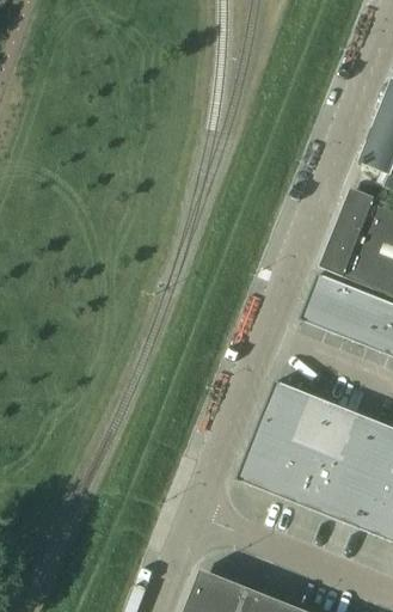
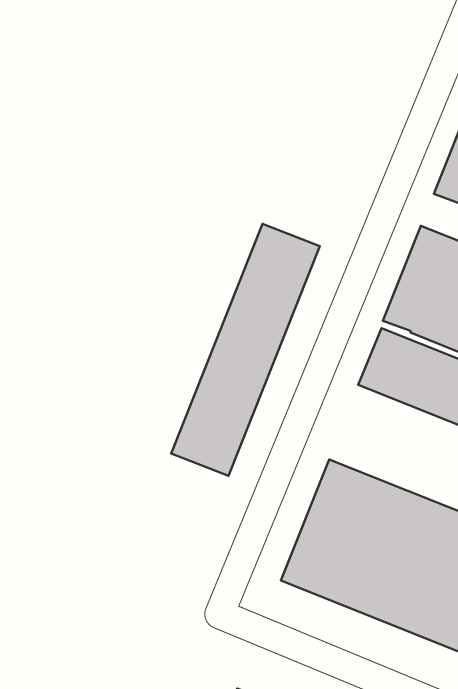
building: none -> [171,224,320,476]

